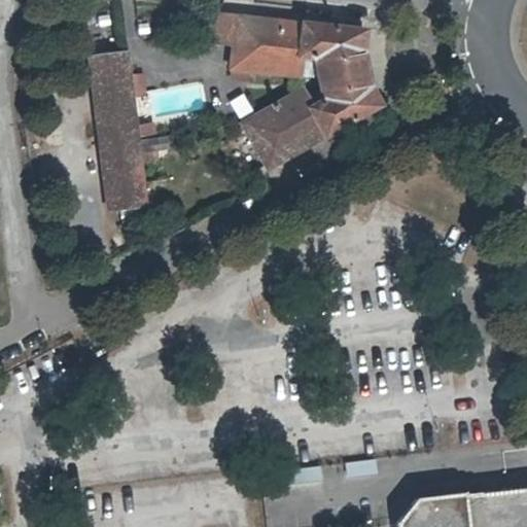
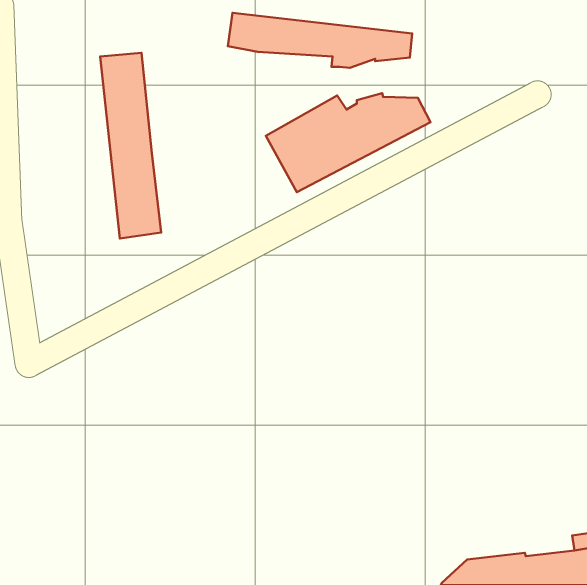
building: [229,46,305,78] -> none
building: [314,51,375,90] -> none

